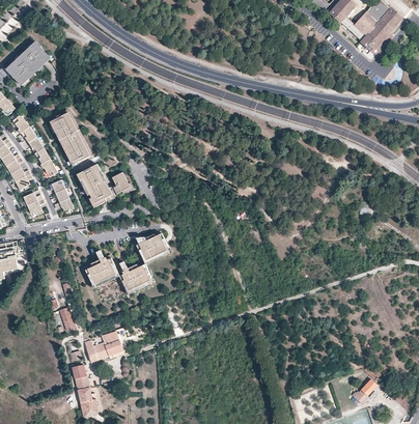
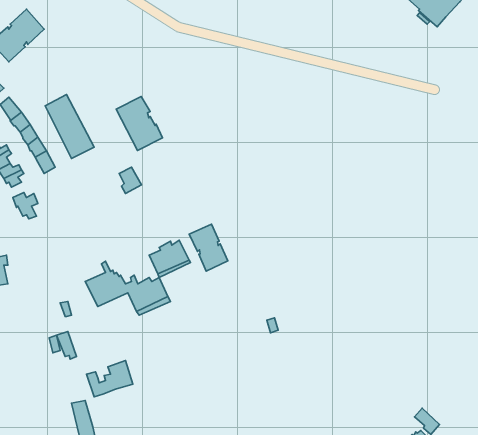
building: [76,164,114,208] -> [116,97,163,150]
building: [48,179,74,210] -> none
building: none -> [189,224,228,271]

